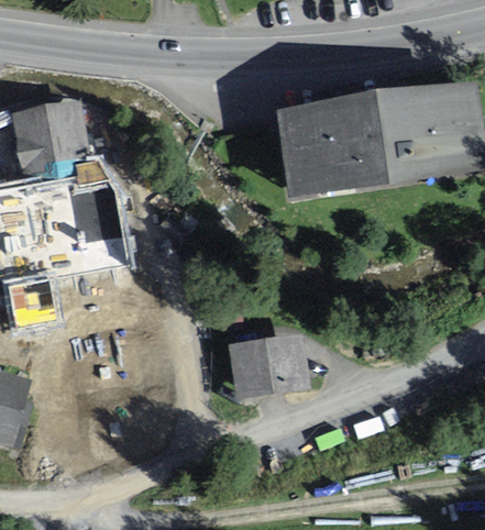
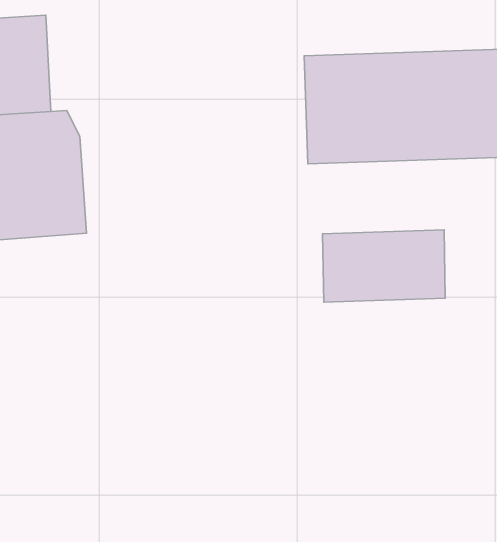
building: none -> [323,230,445,302]
building: [224,329,309,398] -> none

